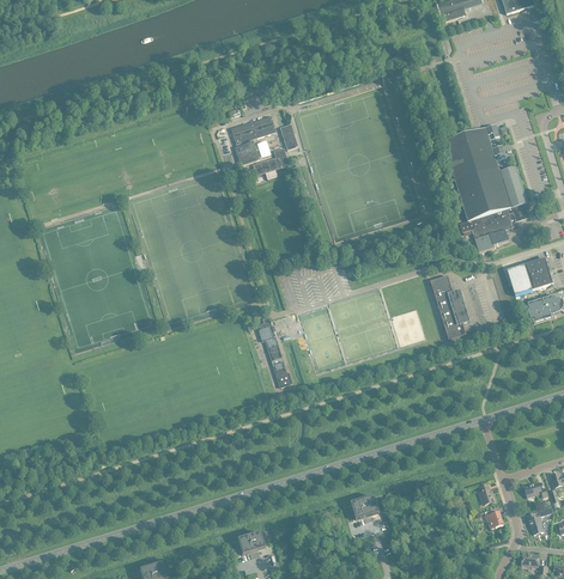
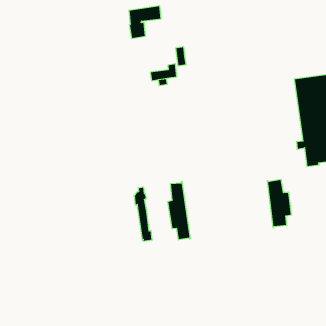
building: [230,114,274,163] -> [129,6,161,38]
building: none -> [168,181,190,240]

